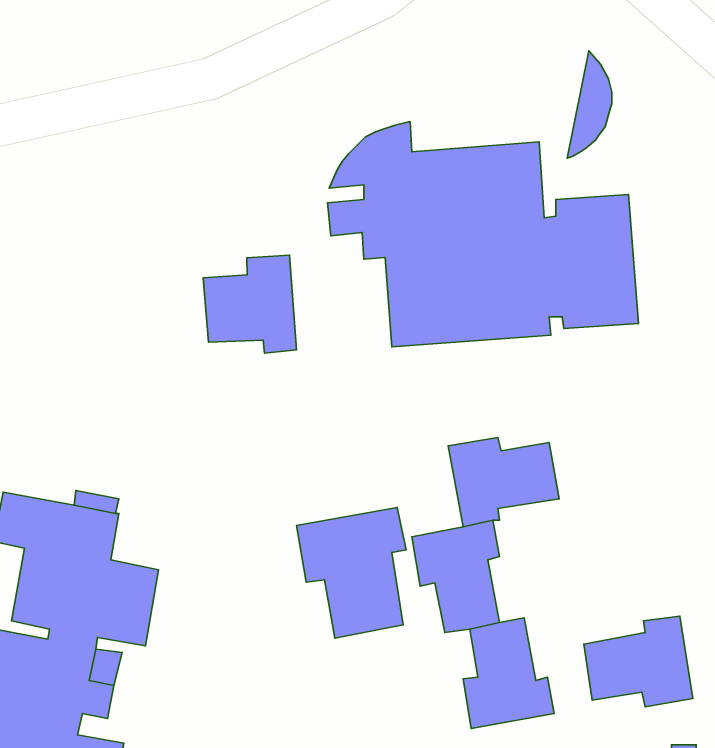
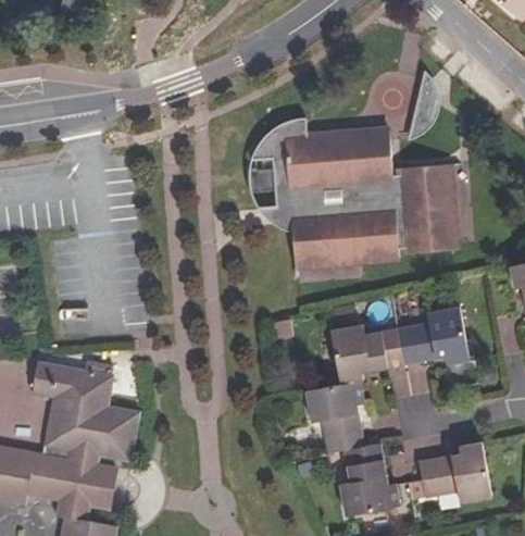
building: [203,255,296,353] -> none
building: none -> [397,307,470,365]
building: [297,507,406,638] -> none

